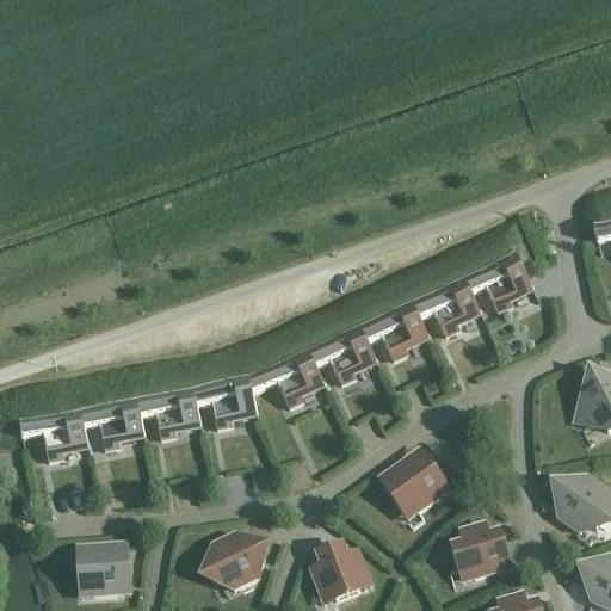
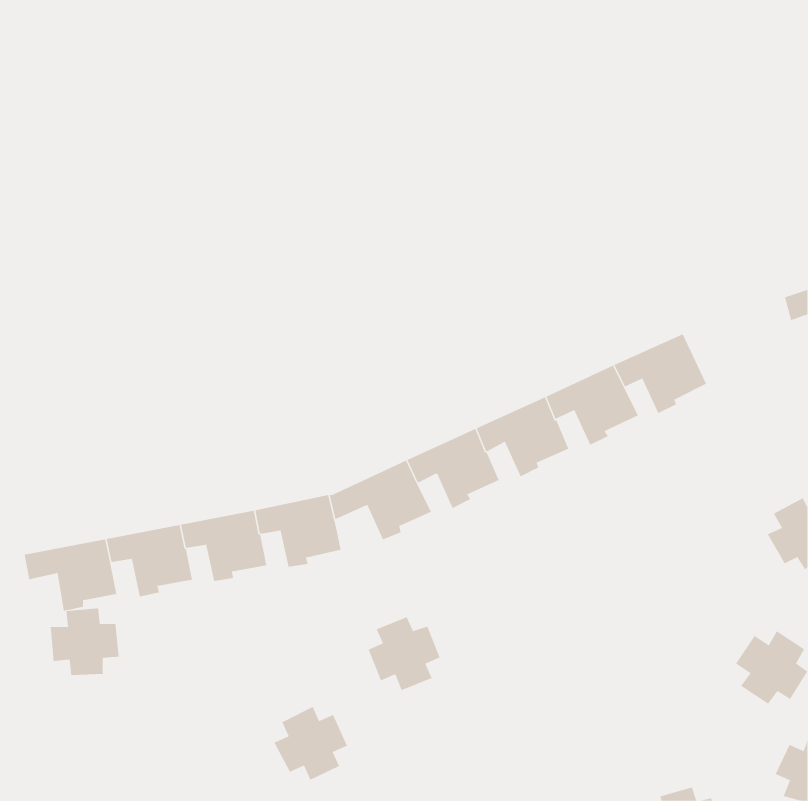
building: [387,457,442,512] -> none
building: [452,524,507,579] -> none
building: [78,544,130,595] -> [50,608,119,676]
building: [311,544,366,600] -> [368,616,441,691]

